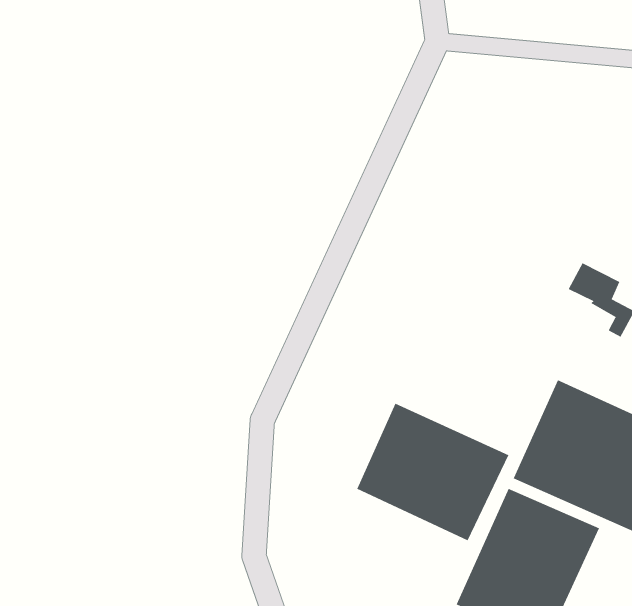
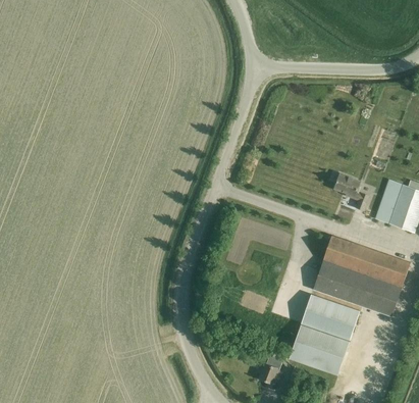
building: [357,403,509,541] -> none

